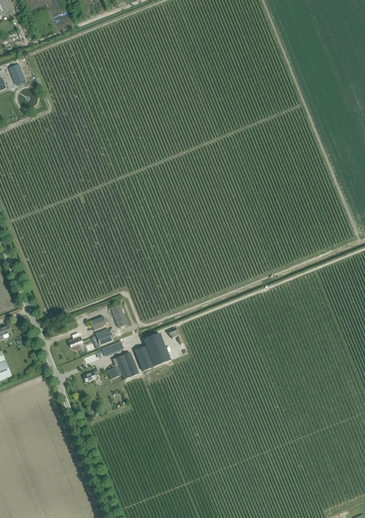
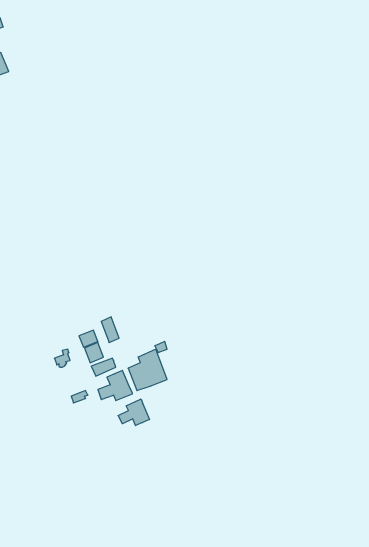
building: none -> [118,399,149,426]

